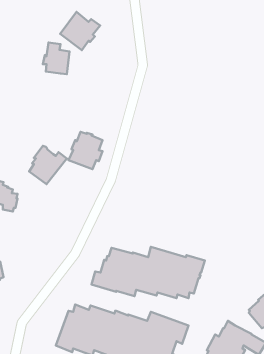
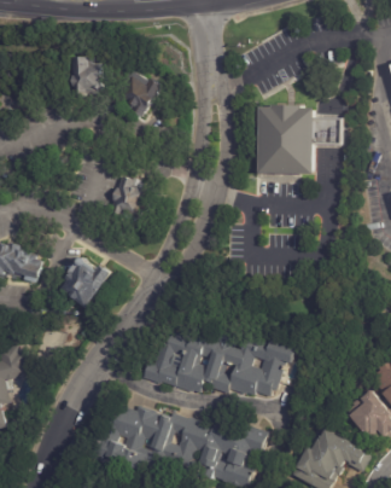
building: [60,12,100,50] -> [119,70,173,121]
building: none -> [259,105,343,175]
building: [29,146,67,184] -> [64,256,113,307]

